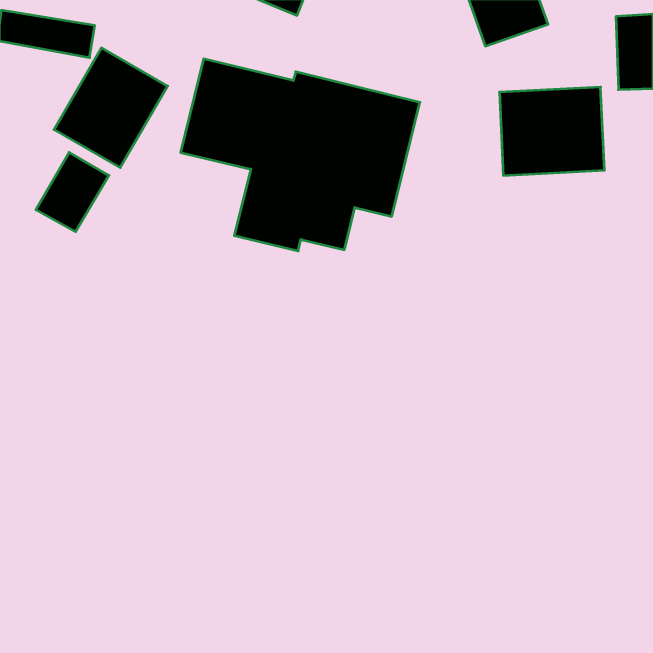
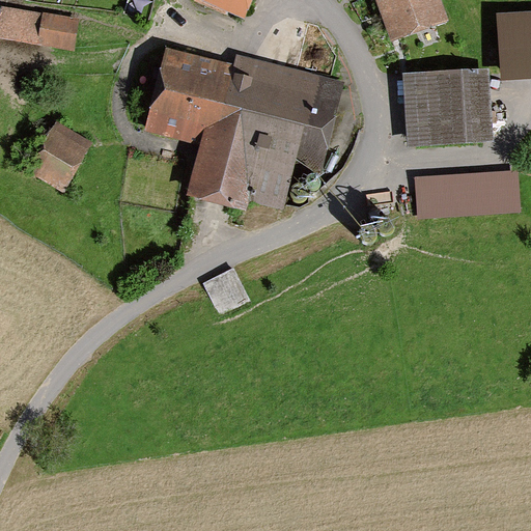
building: [54,48,168,168] -> none
building: none -> [416,171,518,215]
building: none -> [206,271,245,310]

